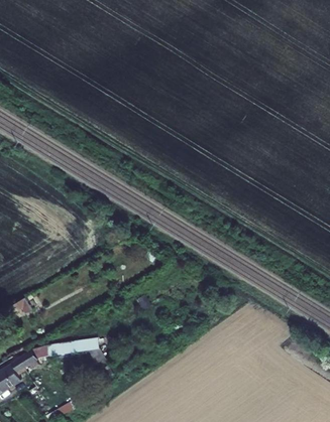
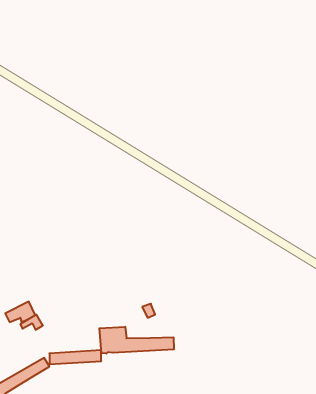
building: none -> [99,327,174,354]

